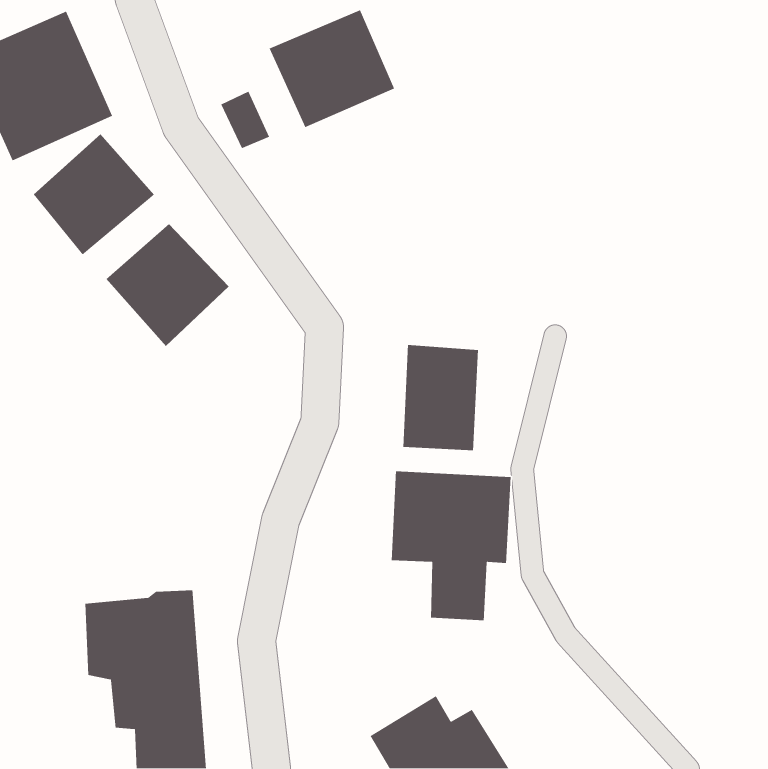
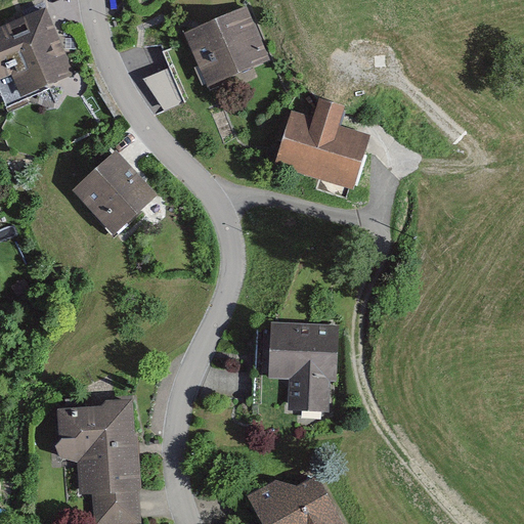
building: [33,134,155,255] -> none
building: none -> [274,98,368,188]
building: [402,344,479,451] -> none

